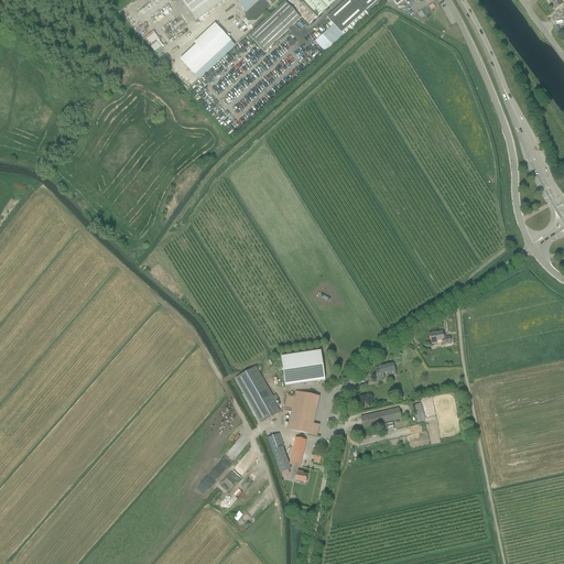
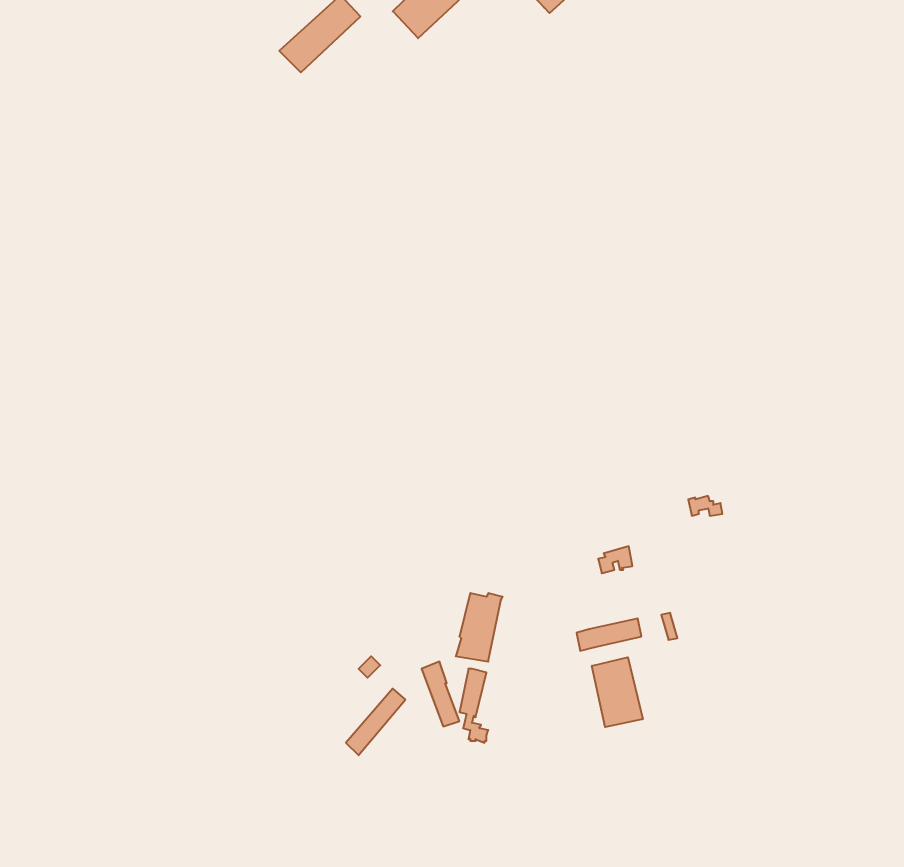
building: [281,348,326,383] -> none
building: [237,364,281,420] -> none
building: none -> [592,657,643,727]

